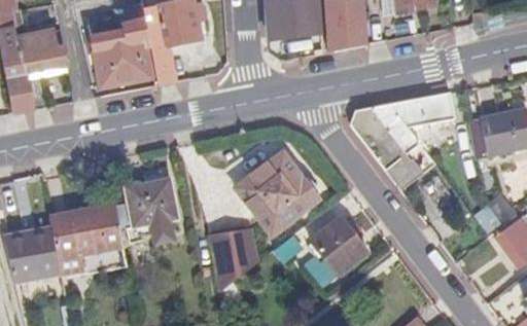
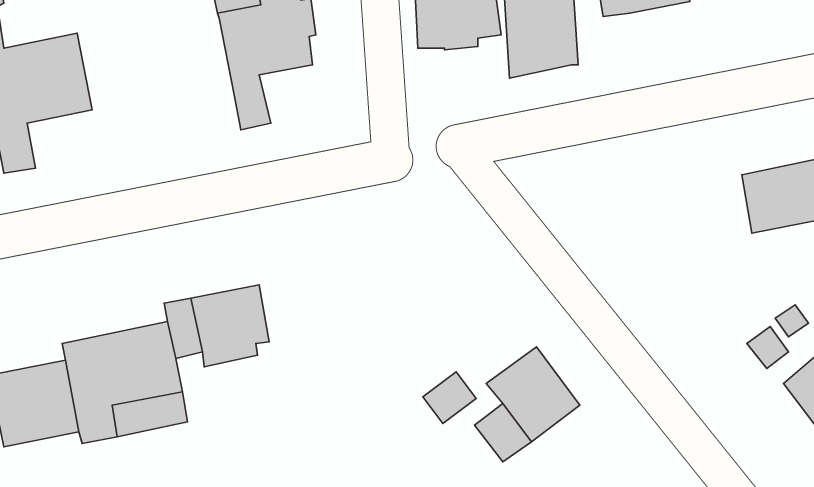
building: [92,15,155,85] -> none
building: [351,92,455,191] -> none
building: [247,157,315,227] -> none
building: [210,227,259,288] -> none

